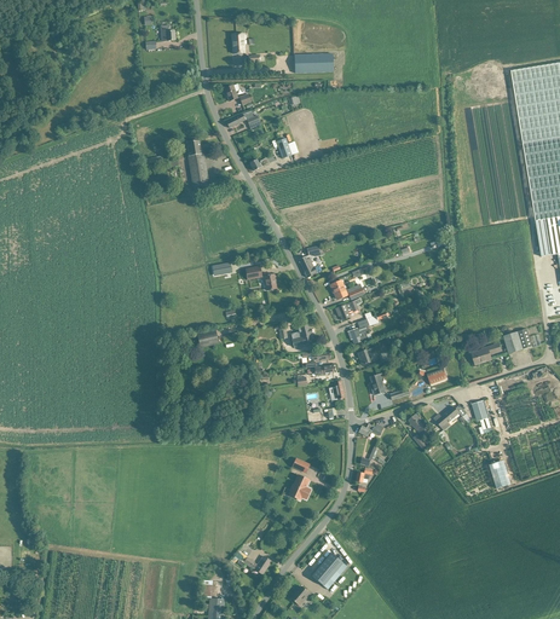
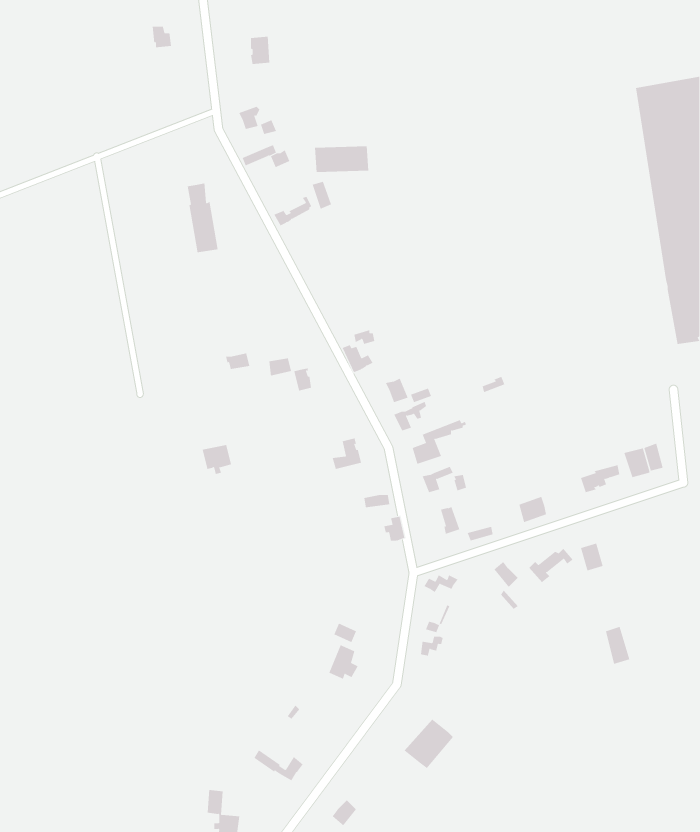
building: [294,53,334,73] -> [314,146,369,173]
building: [311,553,347,589] -> [404,719,454,769]

